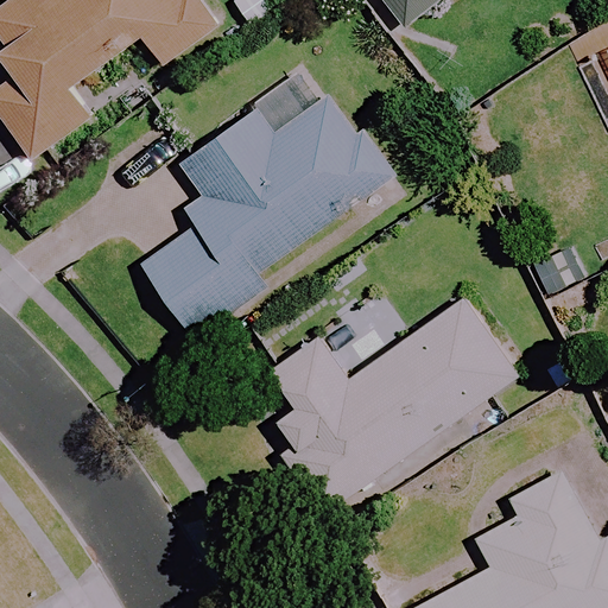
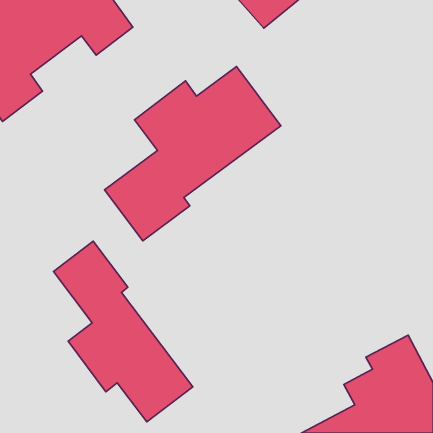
building: [271,297,518,513] -> none
building: none -> [53,241,193,422]

